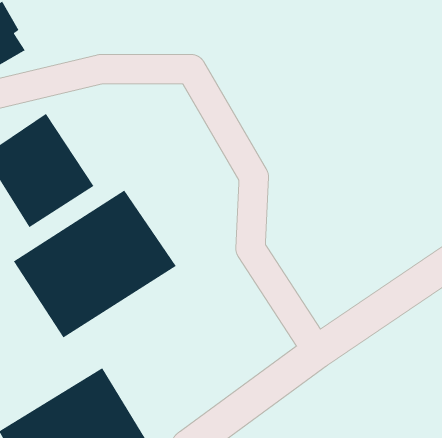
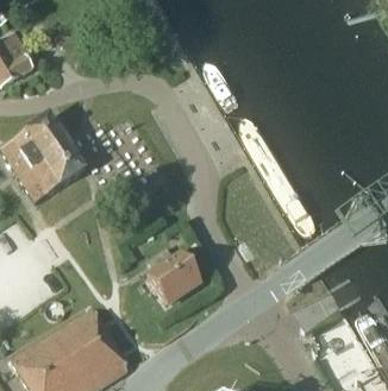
building: [13,189,177,339] -> none
building: none -> [148,247,201,303]

